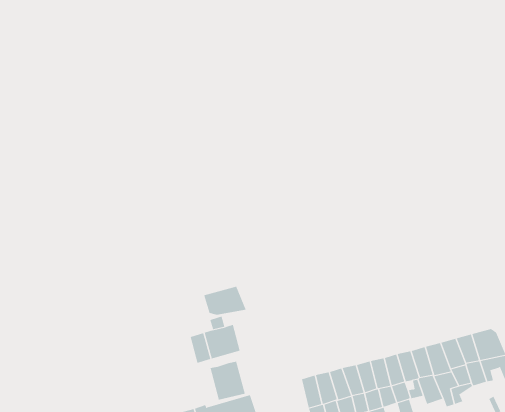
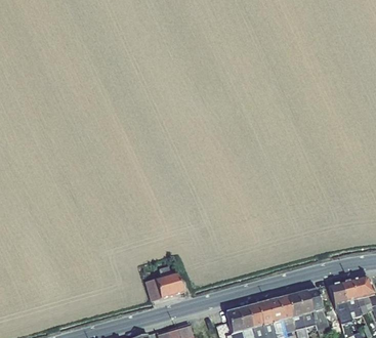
building: [203,286,246,315] -> none
building: [210,361,245,401] -> none

